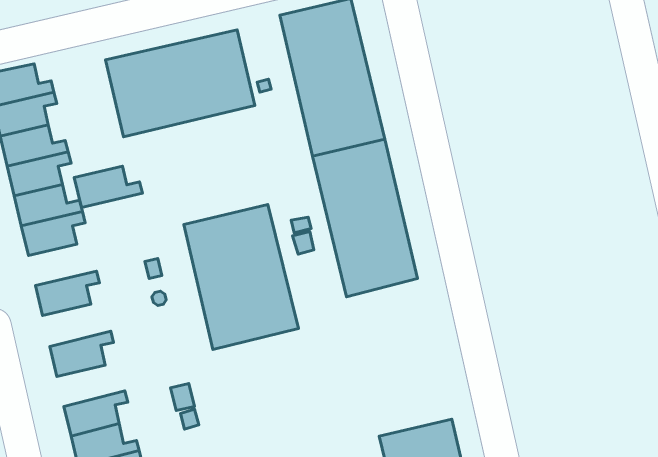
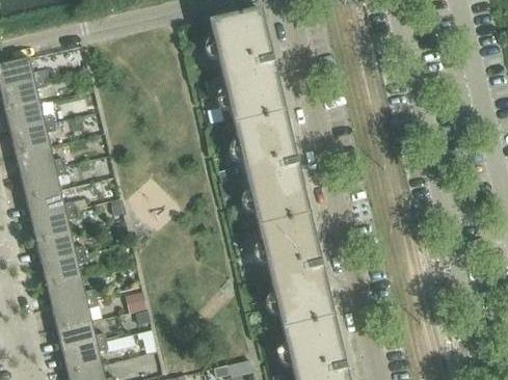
building: [105,30,255,137] -> none
building: [74,166,142,207] -> [26,190,76,220]
building: [184,205,298,349] -> none
building: none -> [259,215,336,330]
building: none -> [36,234,86,265]
building: none -> [47,278,97,308]

